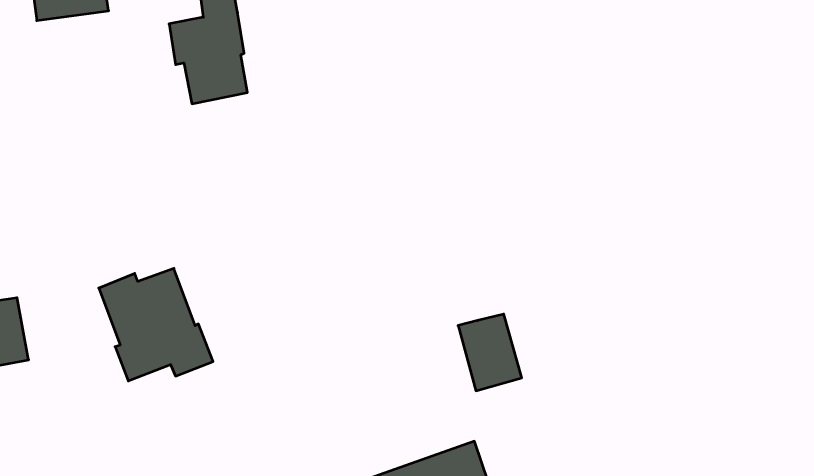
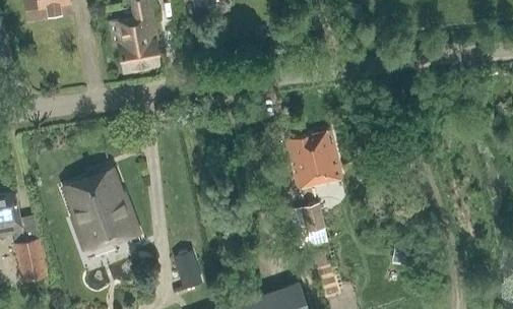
building: none -> [285,130,342,189]
building: none -> [19,240,44,280]
building: none -> [176,251,203,289]

